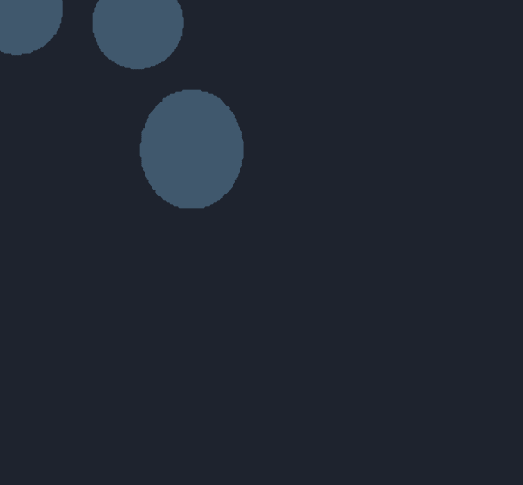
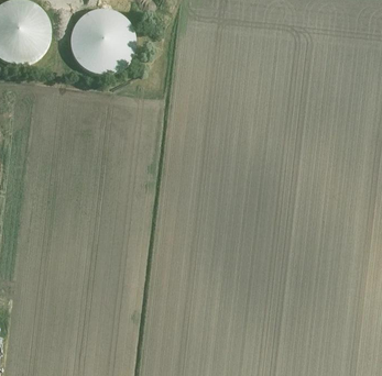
building: [139,89,244,209] -> none

